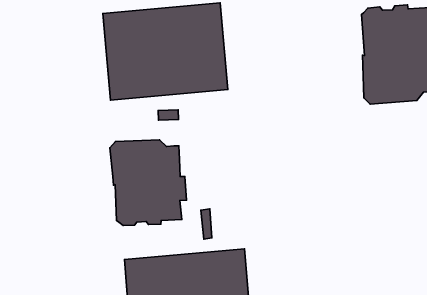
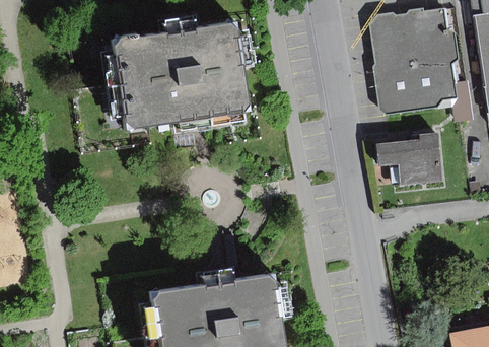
building: none -> [379,132,446,185]
building: [110,140,187,226] -> none

